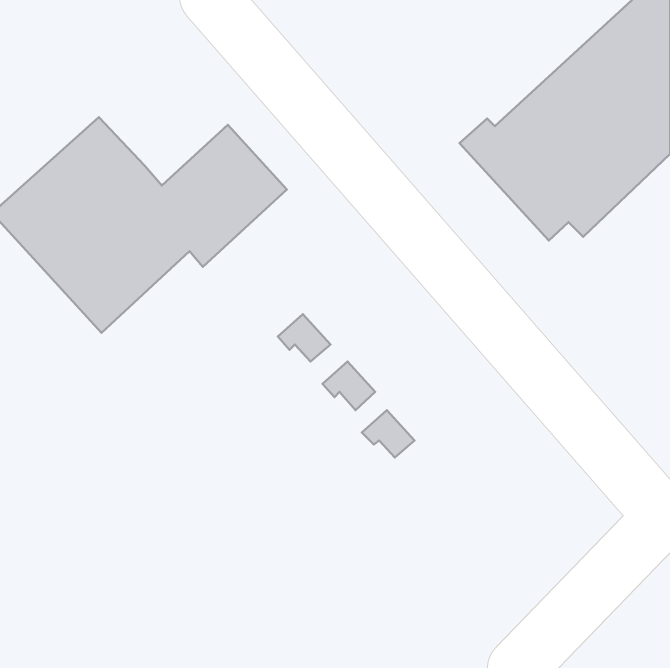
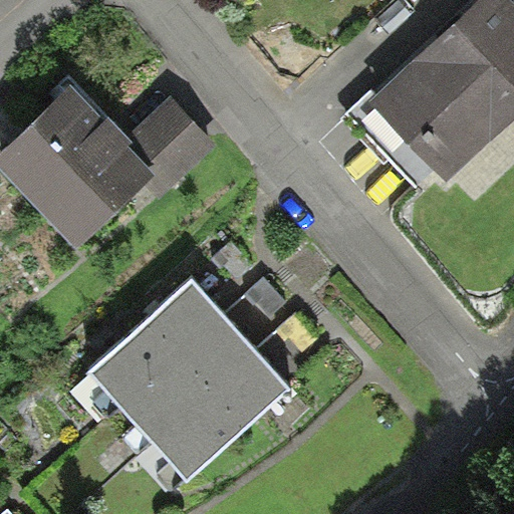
building: none -> [90,277,287,475]

